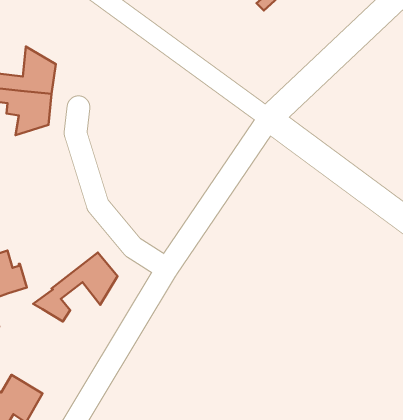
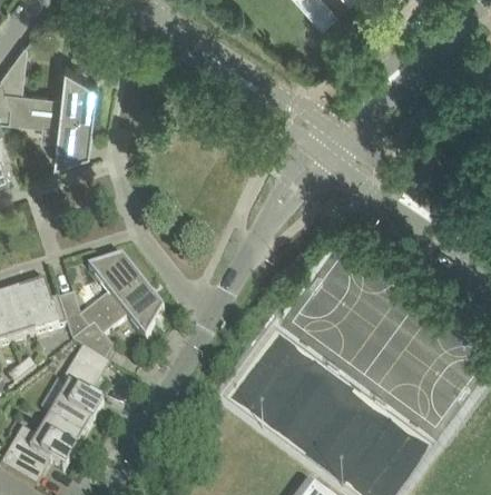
building: none -> [58,256,143,339]
building: none -> [49,344,109,435]

